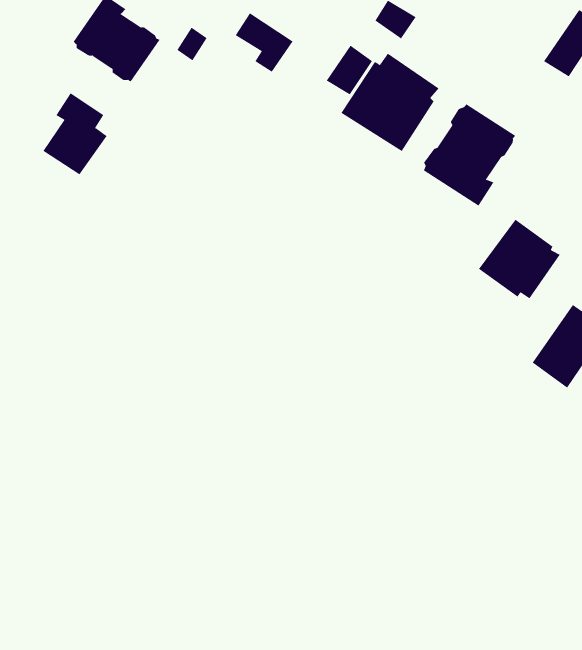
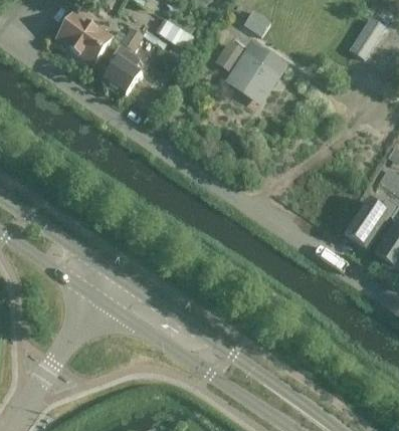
building: [43,92,107,175] -> [103,44,143,95]
building: [423,103,516,207] -> none
building: [478,219,560,299] -> none

